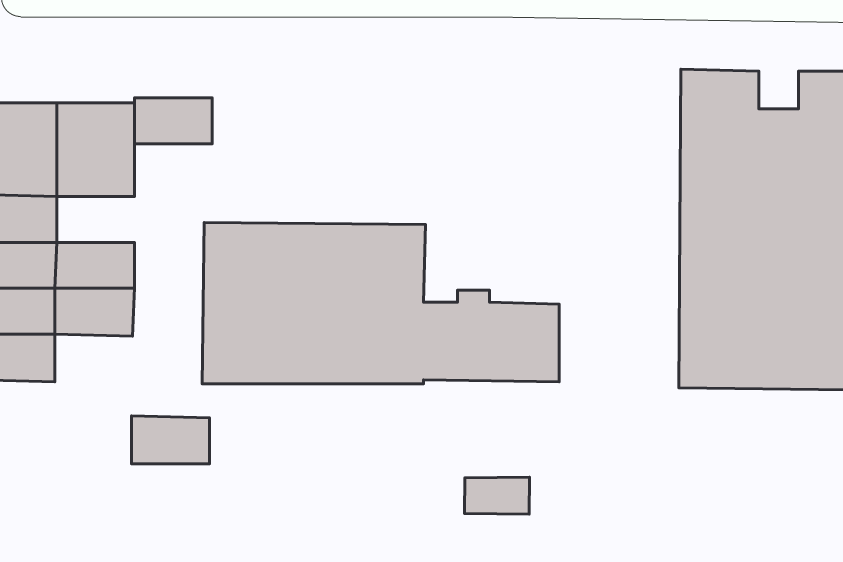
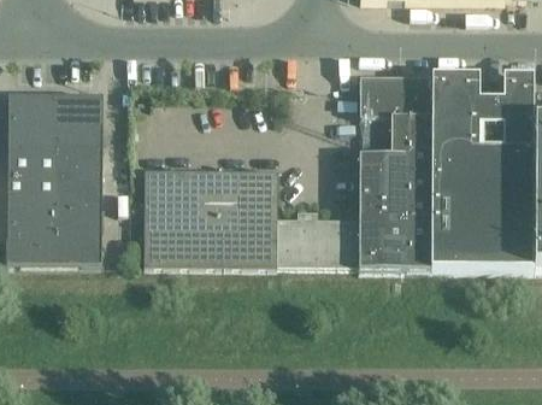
building: none -> [359,75,432,268]
building: [134,98,212,144] -> [55,152,102,180]
building: [132,416,209,464] -> [54,235,101,264]
building: [465,477,529,514] -> none

